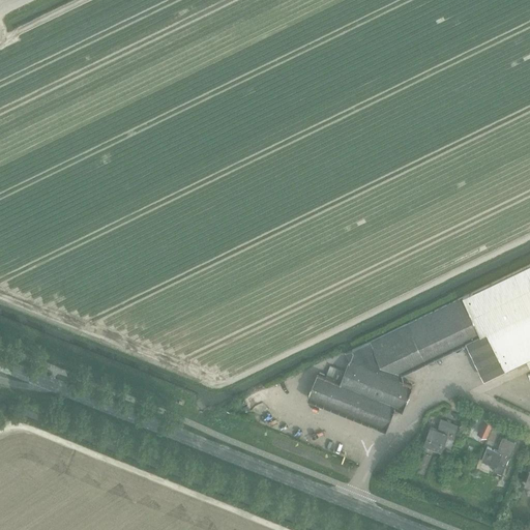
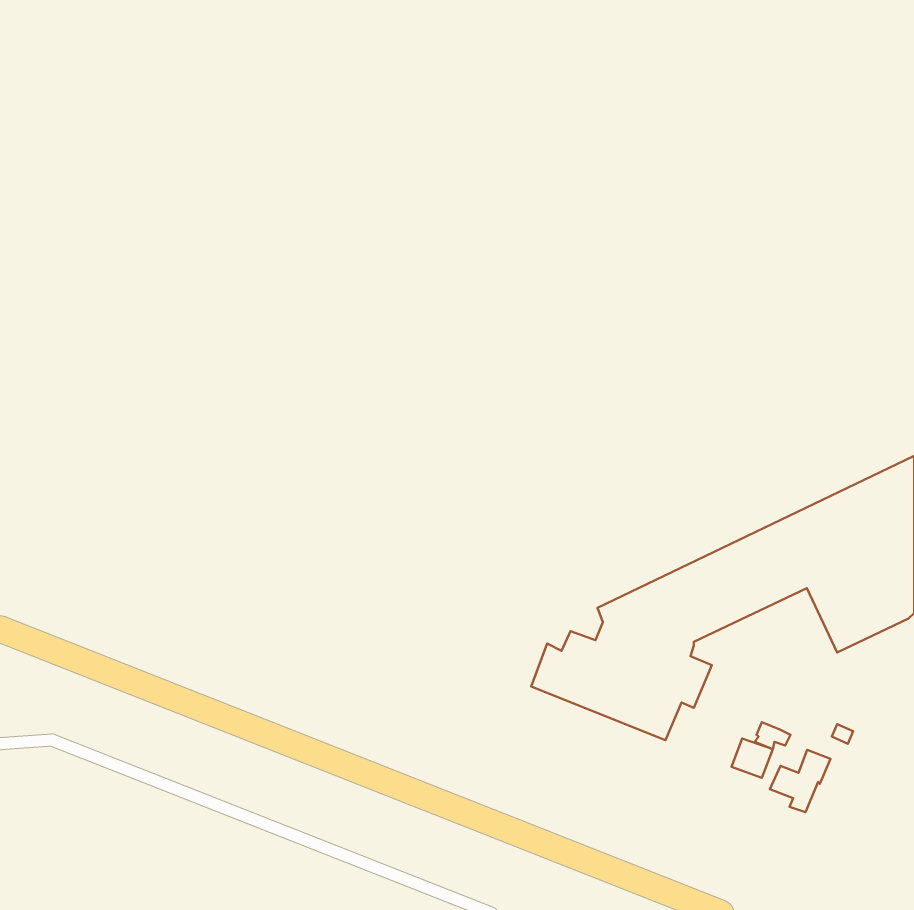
building: [480,440,516,476] -> [770,750,831,812]

